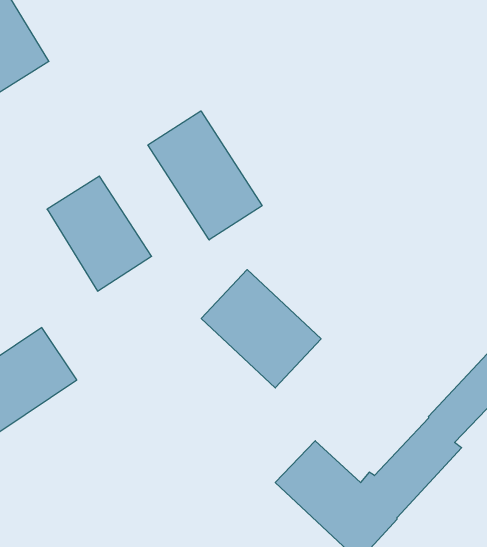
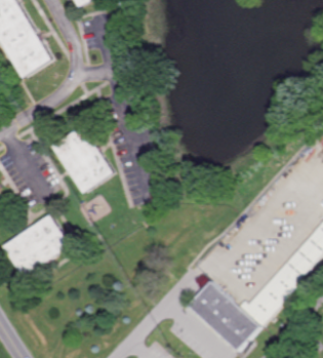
building: [148,111,262,240] -> none
building: [201,270,321,388] -> none

